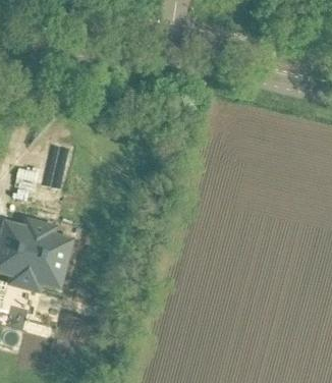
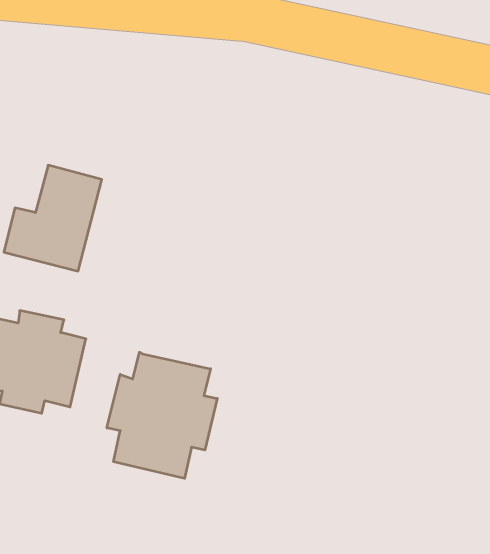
building: none -> [107,352,217,478]

